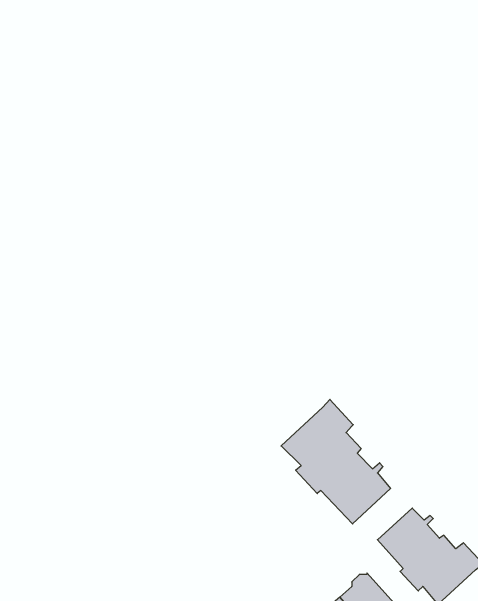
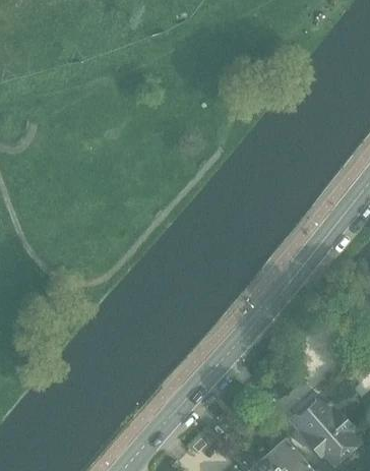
building: [281,399,391,524] -> none

